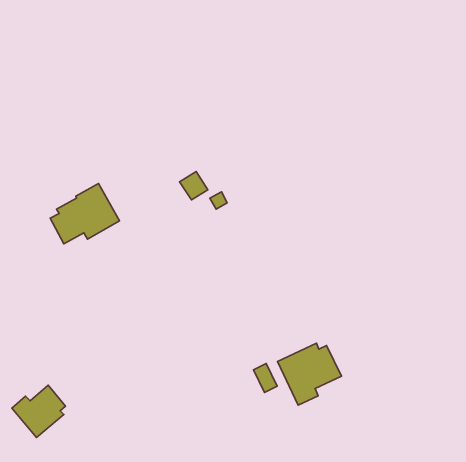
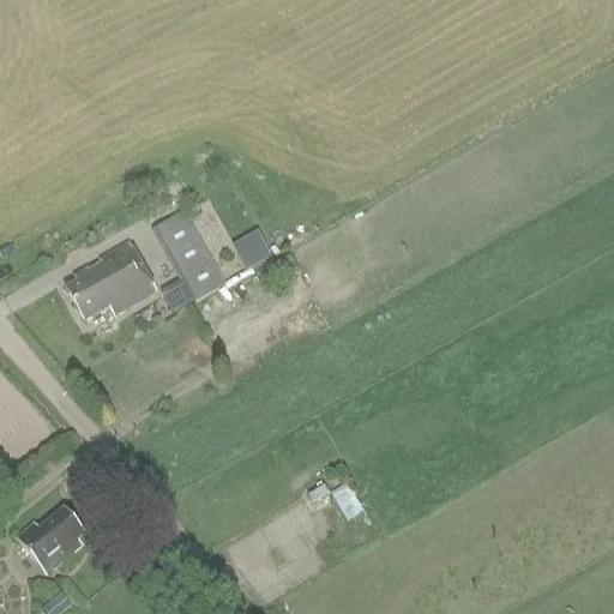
building: none -> [151,209,227,306]
building: [278,343,341,405] -> none

